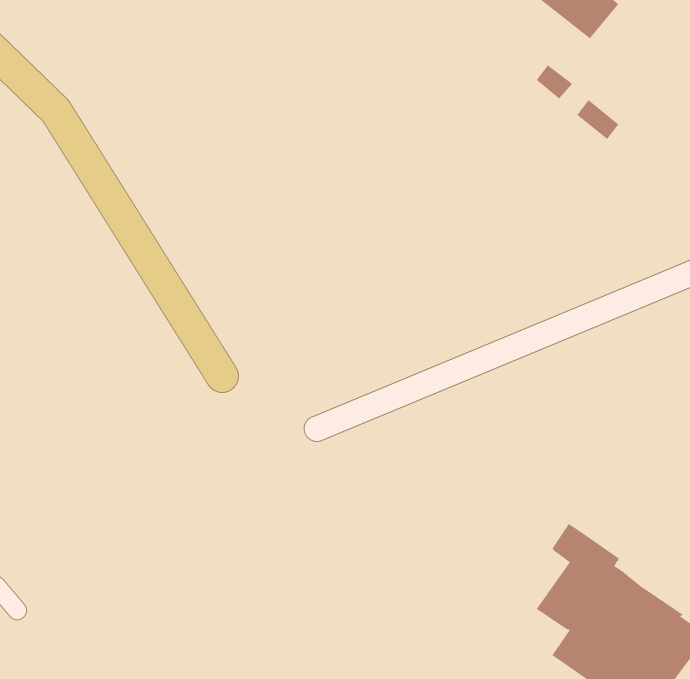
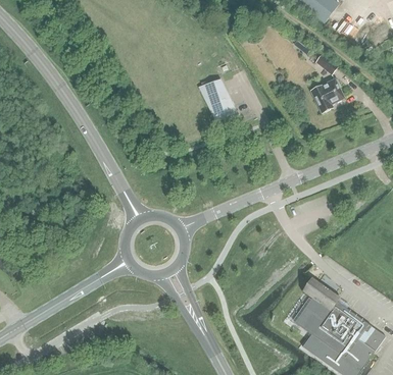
building: none -> [198,78,238,121]
building: none -> [311,78,344,112]

